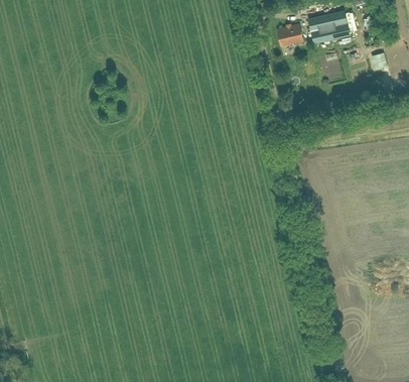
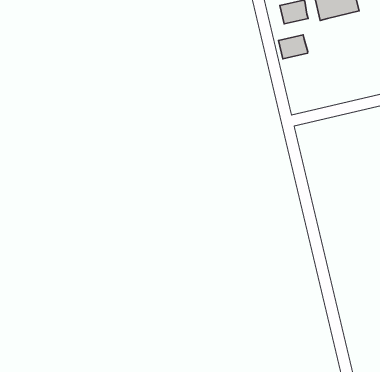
building: none -> [279,35,308,59]

